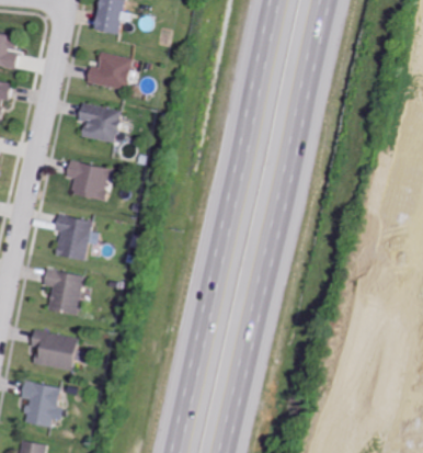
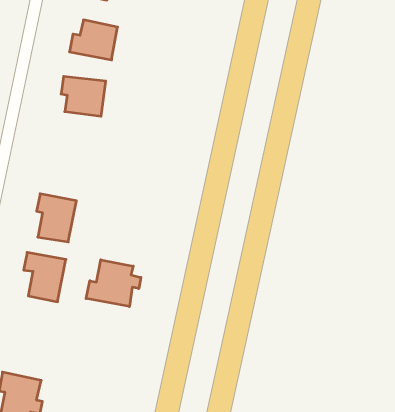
building: [67,160,111,199] -> none
building: none -> [86,260,141,307]
building: [31,330,77,370] -> none

